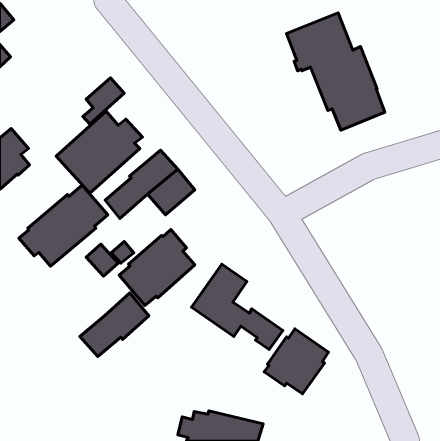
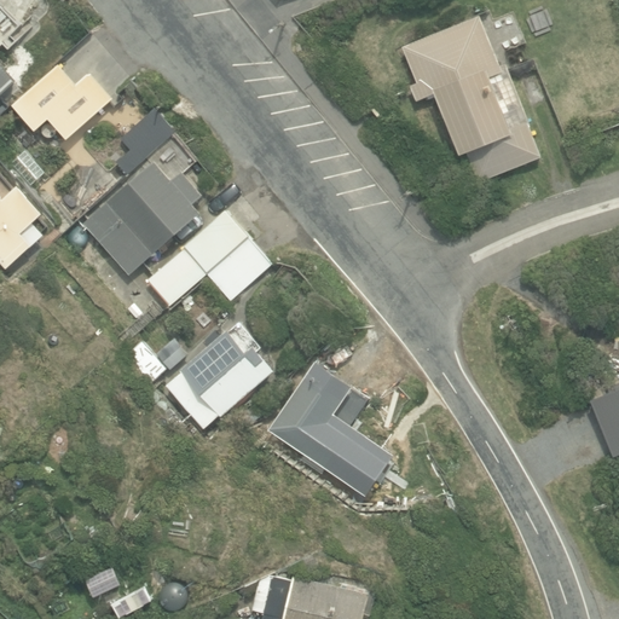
building: none -> [12,65,112,139]
building: [19,185,108,266] -> none
building: [80,293,149,357] -> none
building: [264,329,329,394] -> none

